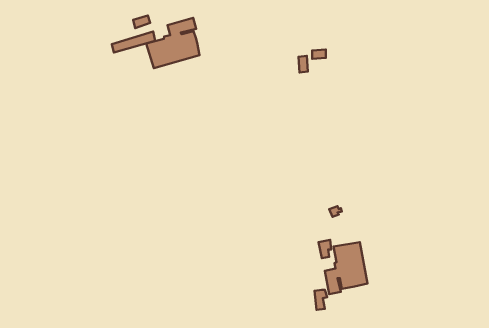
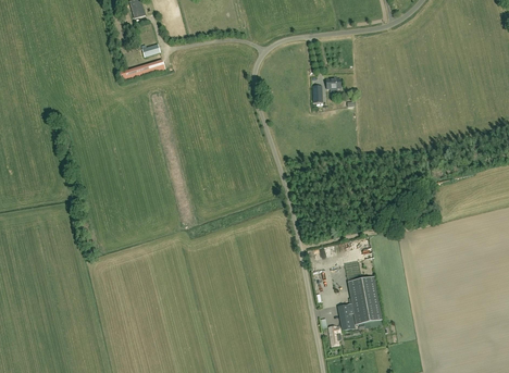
building: [146,18,199,68] -> none

